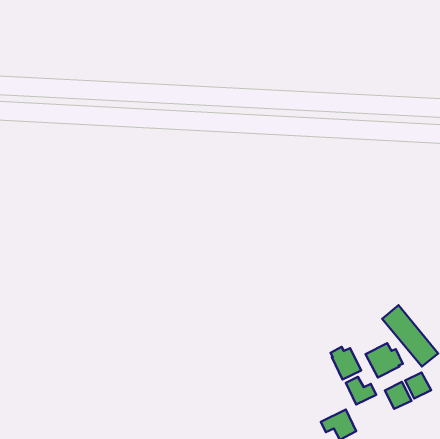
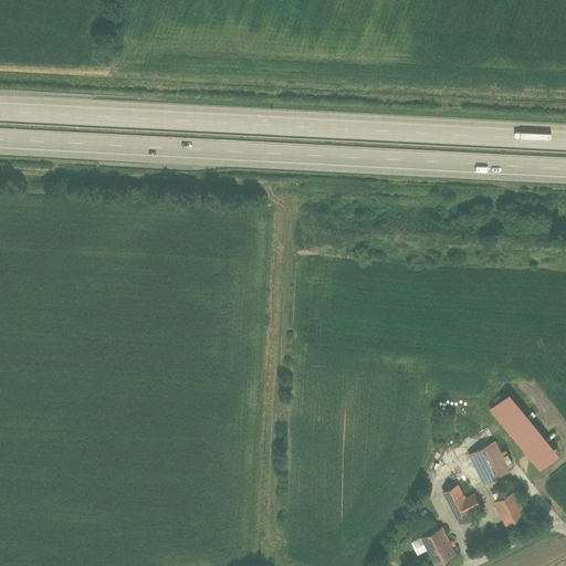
building: [330,347,361,380] -> none
building: [405,373,431,399] -> none

